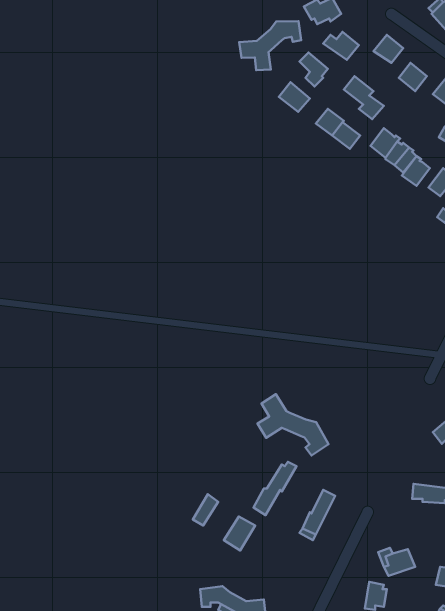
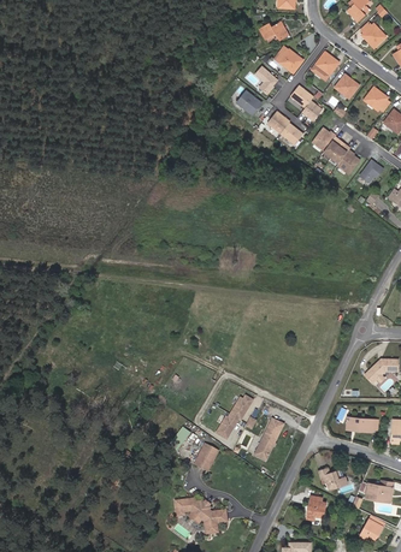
building: [239,21,301,70] -> none
building: [257,394,329,455] -> none

